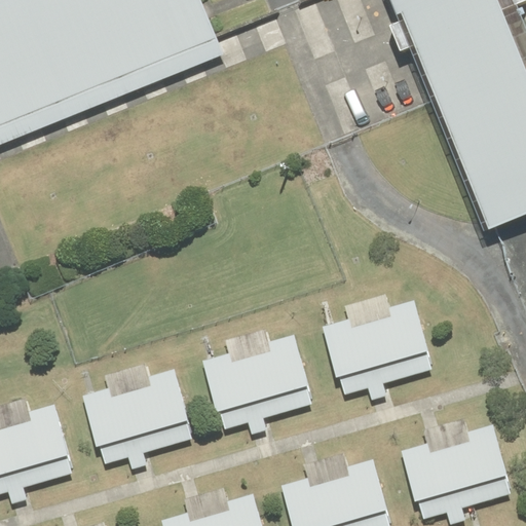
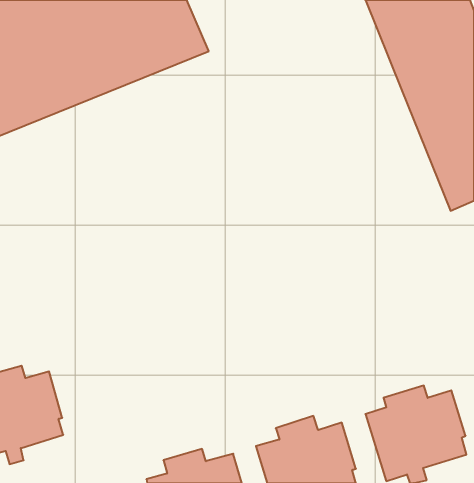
building: [321,295,430,404] -> none
building: [200,329,310,436] -> none
building: [81,362,189,472] -> none

